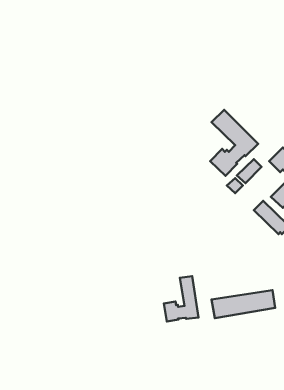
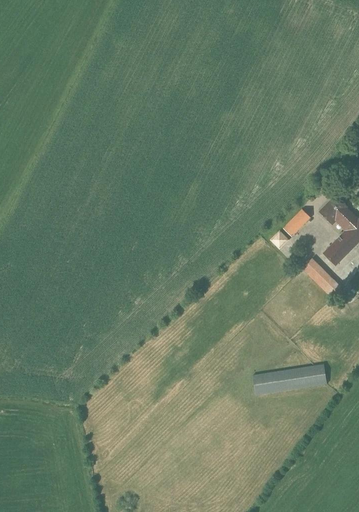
building: [210,110,258,176] -> none
building: [164,276,198,322] -> none

